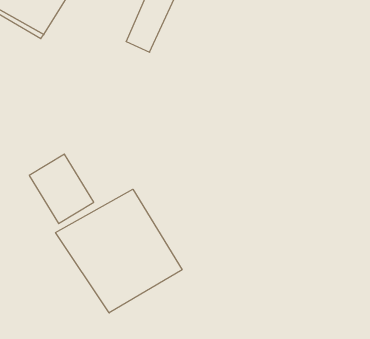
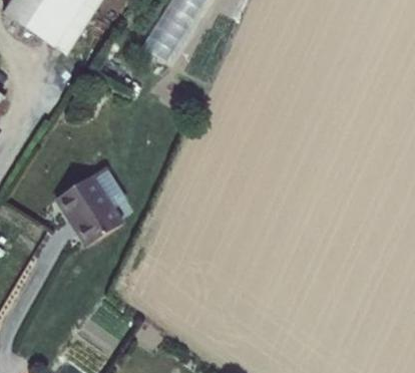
building: [56,189,182,313] -> none

